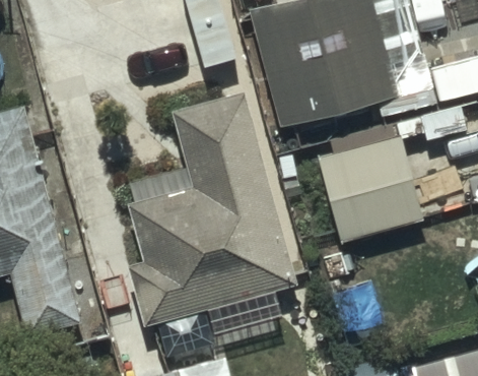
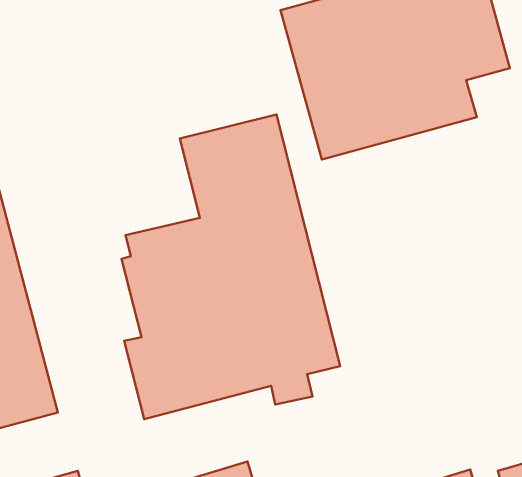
building: [318,137,422,246] -> none

